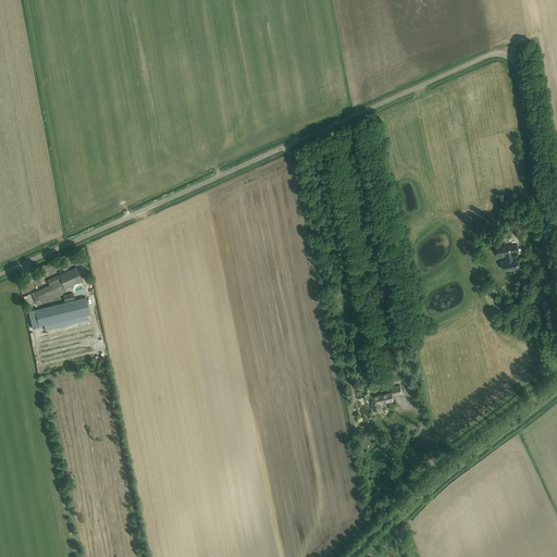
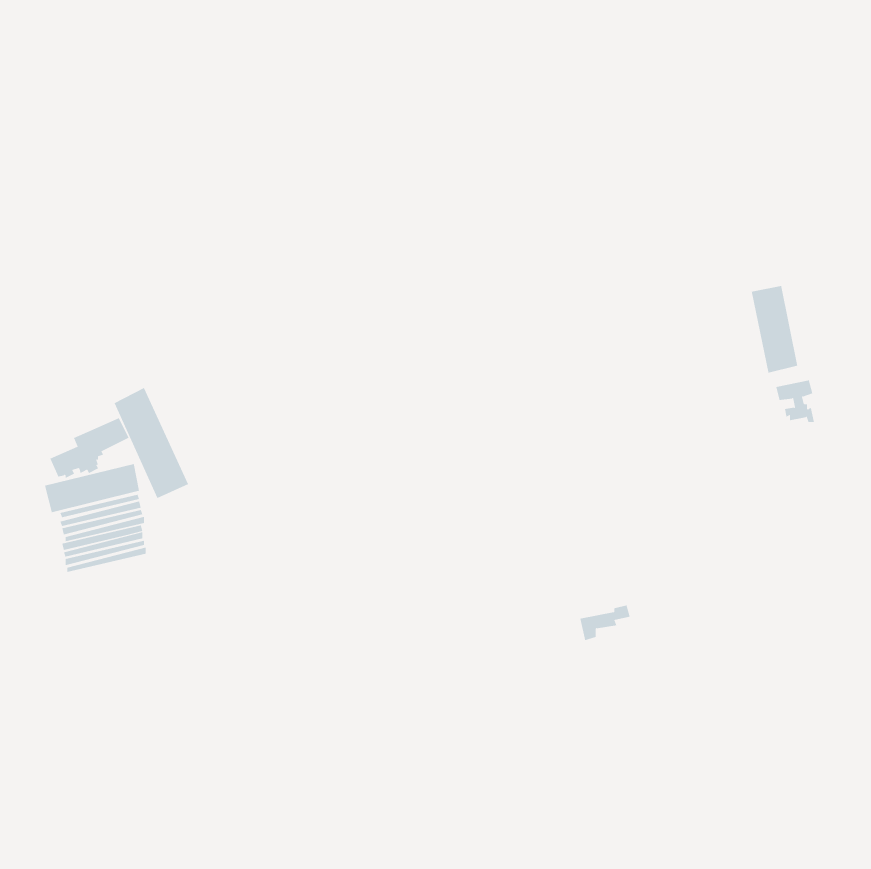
building: none -> [751,285,798,374]
building: none -> [114,387,189,499]

